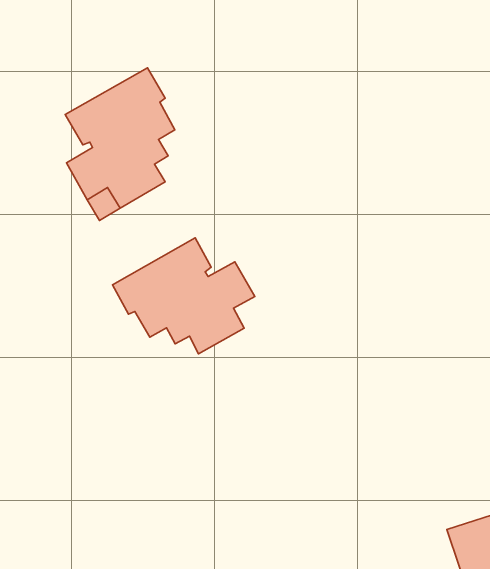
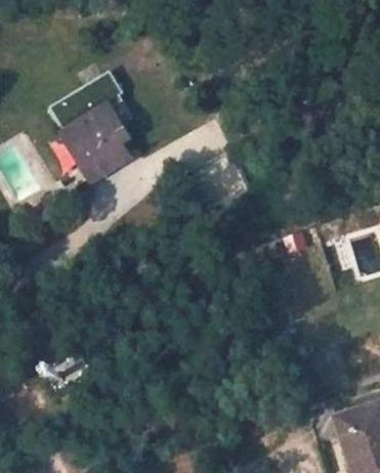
building: [113,238,255,354] -> none

